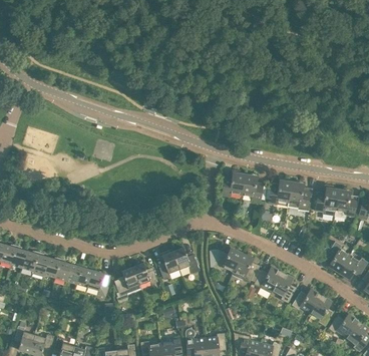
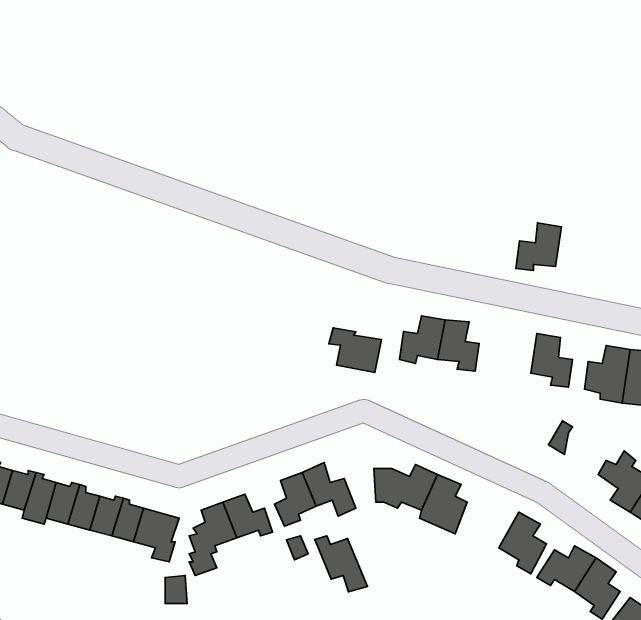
building: none -> [329,328,382,372]
building: [268,179,291,203] -> [516,223,561,270]
building: [253,265,282,293] -> none
building: none -> [315,536,367,592]

